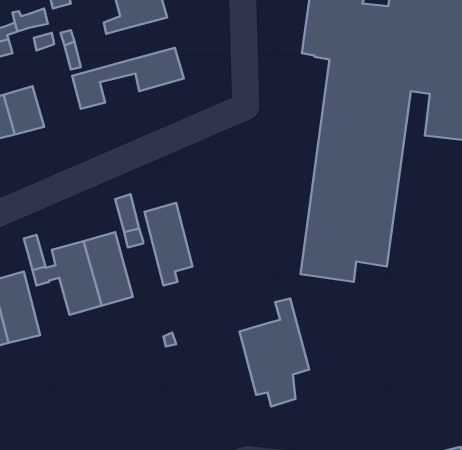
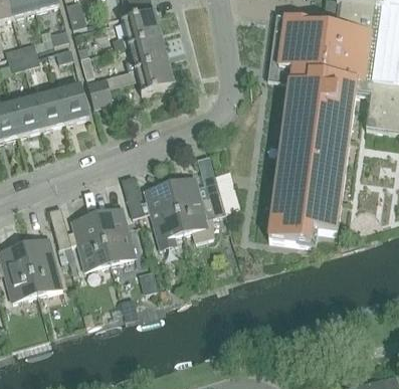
building: none -> [128,35,168,68]
building: none -> [55,83,88,122]
building: [240,298,309,406] -> [169,156,224,241]

